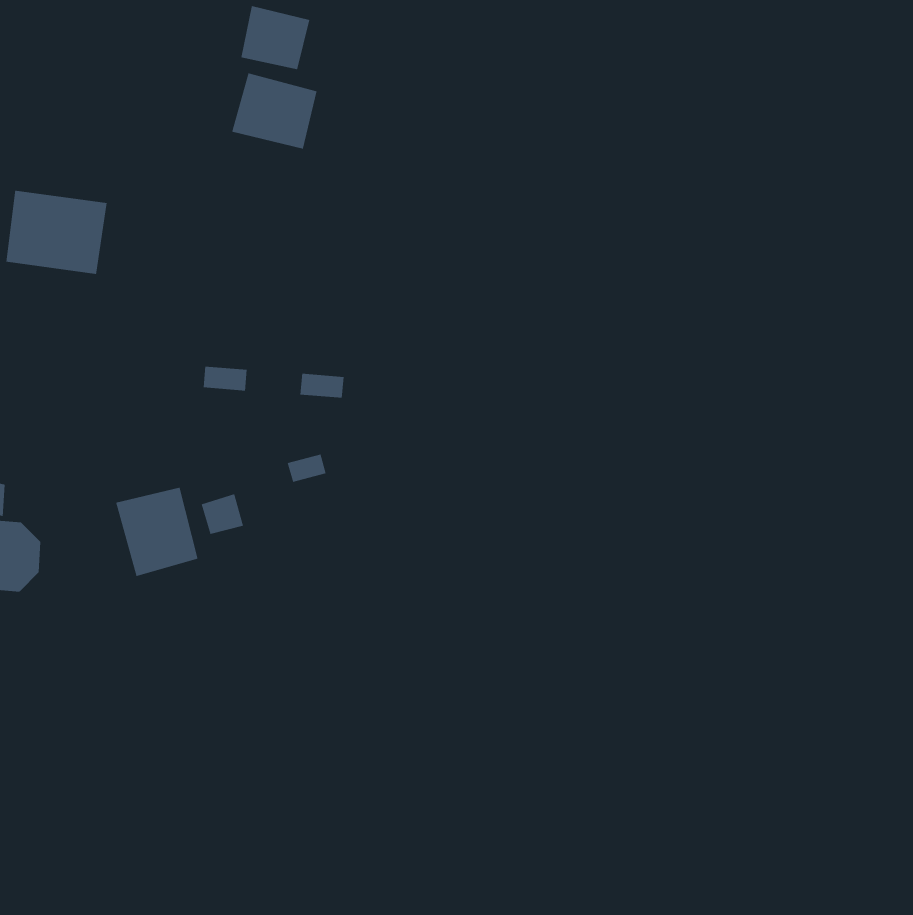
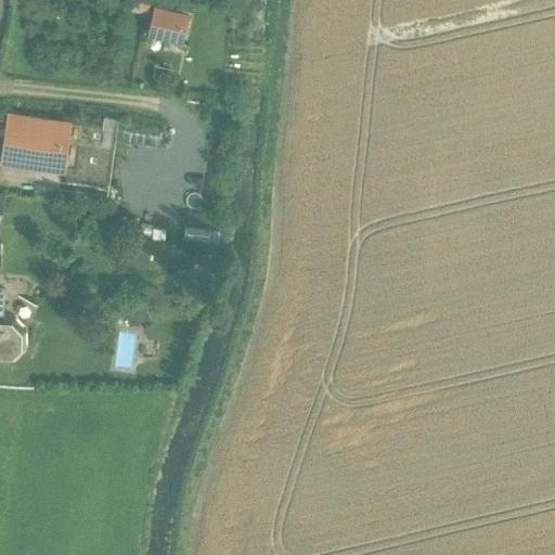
building: [231,72,317,150] -> none
building: [115,487,198,577] -> none

